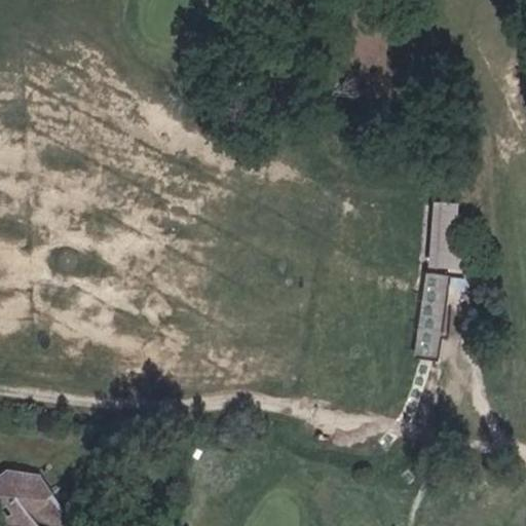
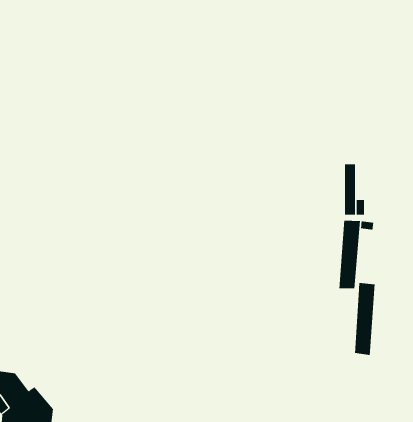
building: none -> [354,282,375,356]

